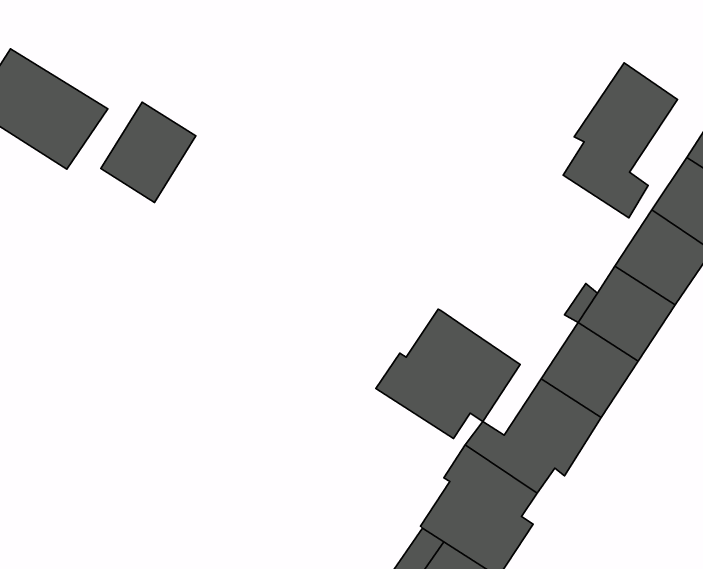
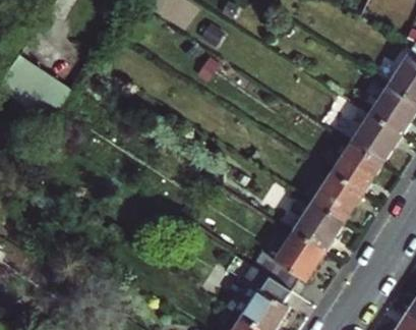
building: [563,63,677,218] -> none
building: [101,102,196,202] -> none
building: [376,309,520,439] -> none

